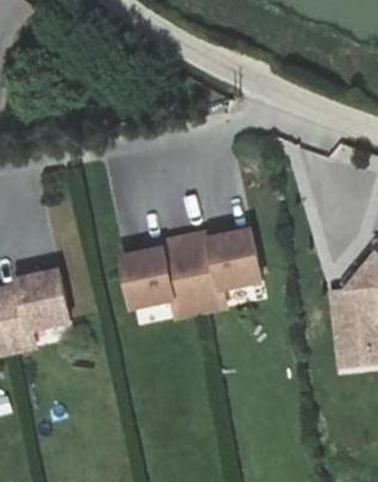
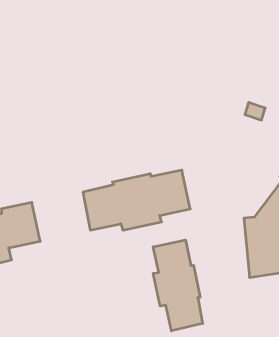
building: none -> [153,240,203,331]

